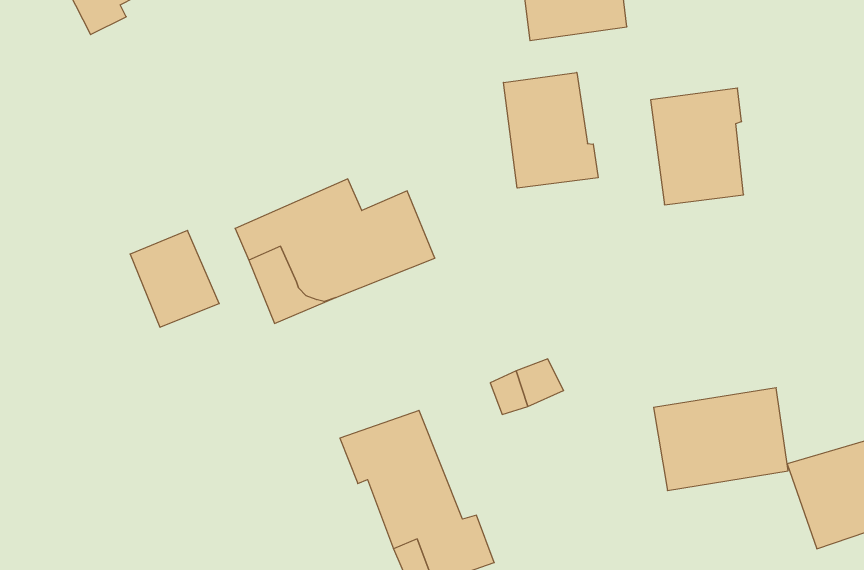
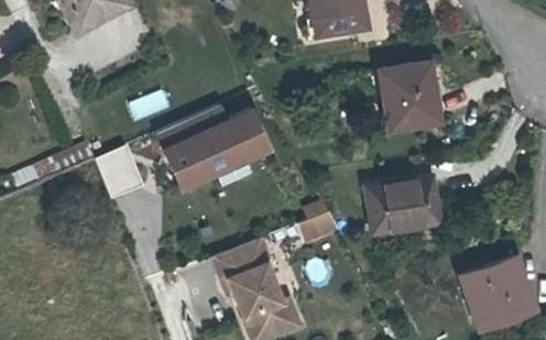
building: [503,72,598,188] -> none
building: [654,388,788,491] -> [365,175,440,232]

